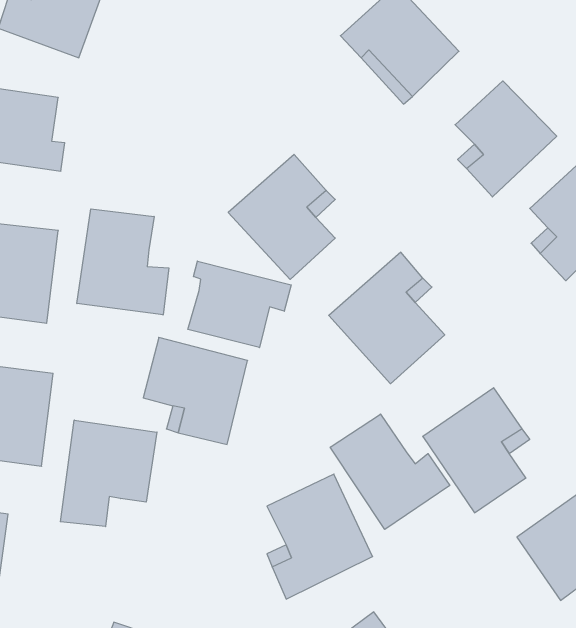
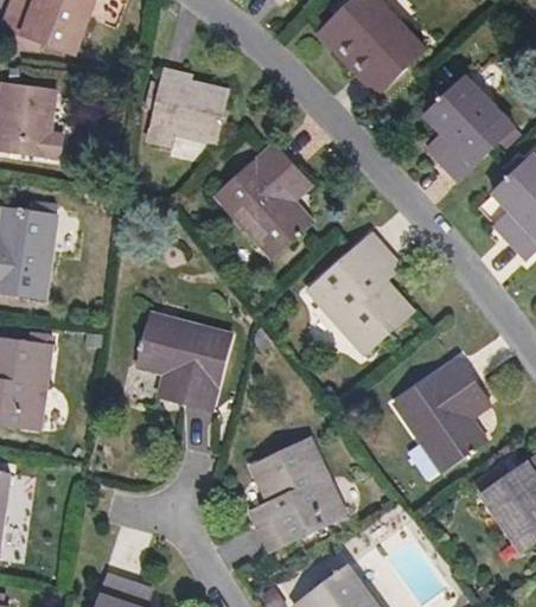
building: none -> [146,68,228,146]
building: [77,209,169,315] -> none
building: [188,261,291,348] -> none
building: [330,414,450,529] -> none
building: [60,420,157,527] -> none

